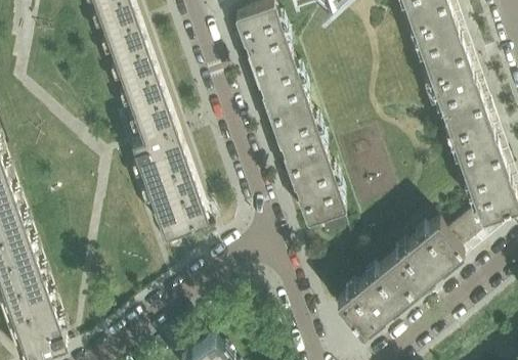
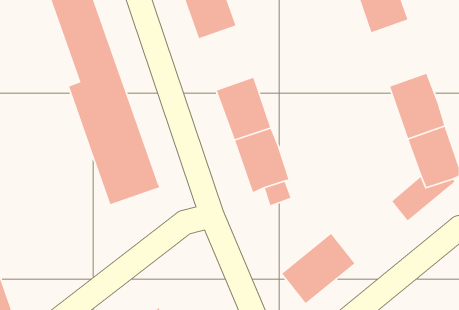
building: [425,48,481,115] -> none
building: [252,54,307,119] -> none
building: [385,220,462,292] -> none

